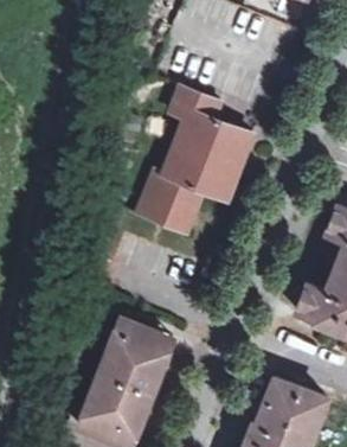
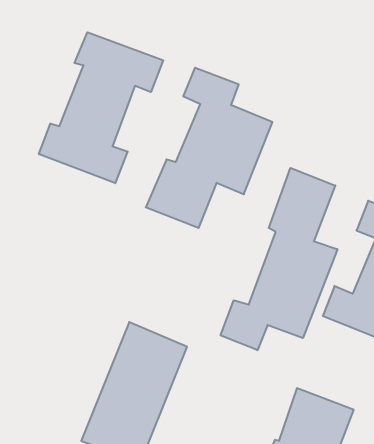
building: none -> [39,32,163,183]
building: none -> [221,168,337,350]

